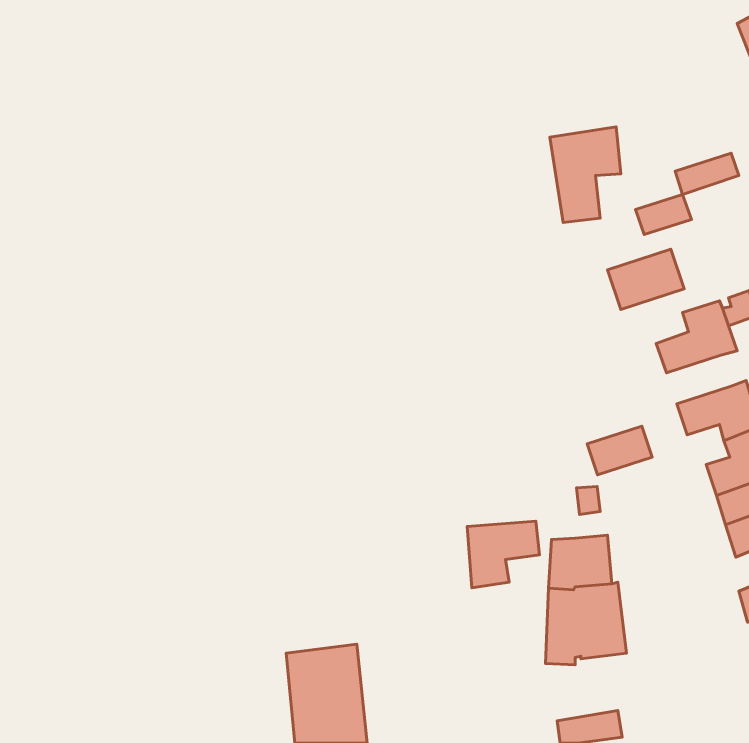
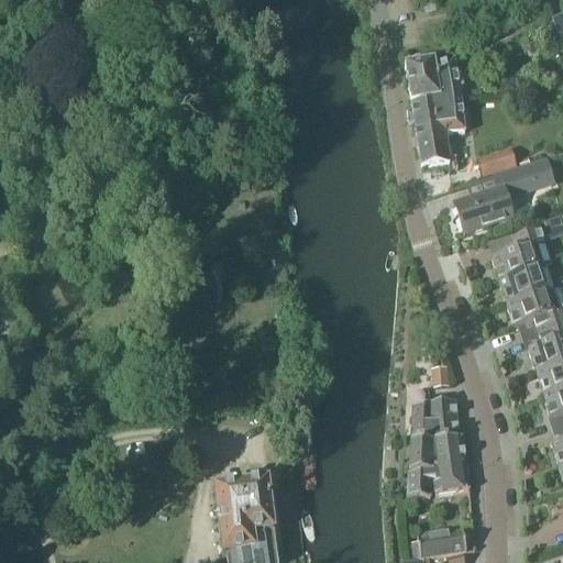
building: none -> [408,56,463,102]
building: [675,153,739,195] -> [505,158,552,189]
building: [587,426,652,475] -> [500,265,549,301]
building: [467,521,539,588] -> none

